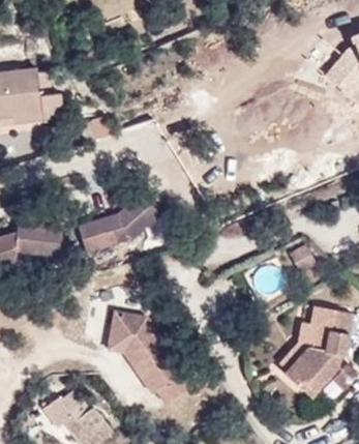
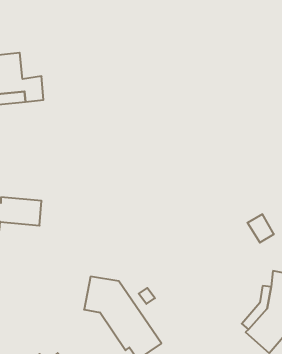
building: [77,194,159,251] -> none

